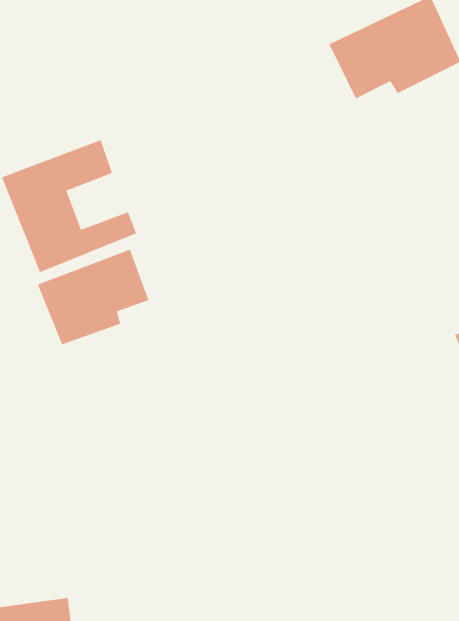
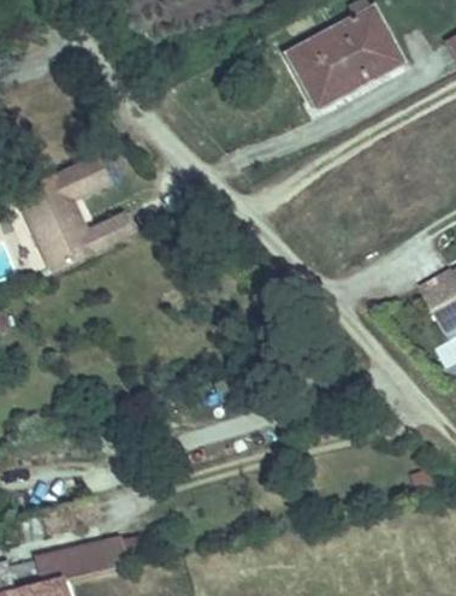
building: [37,249,149,345] -> none

